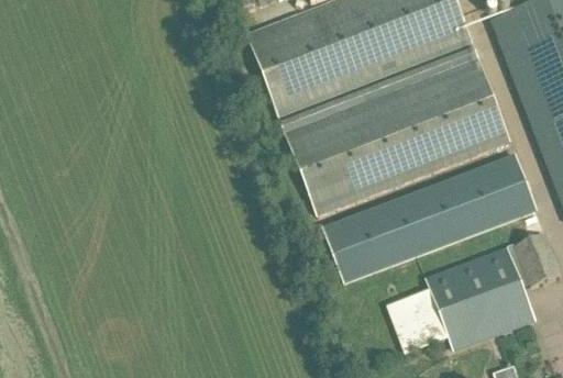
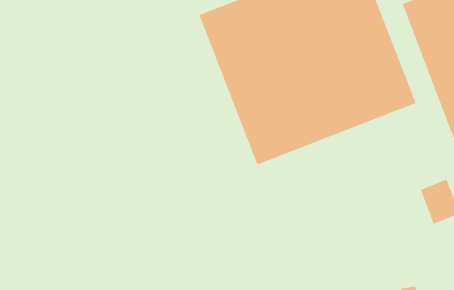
building: [322,153,538,282] -> none
building: [388,246,534,354] -> none

